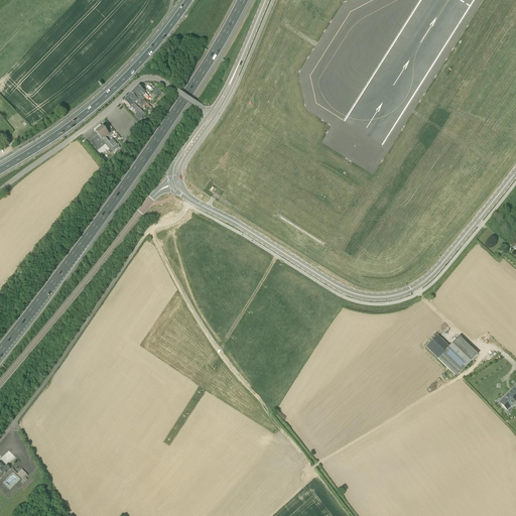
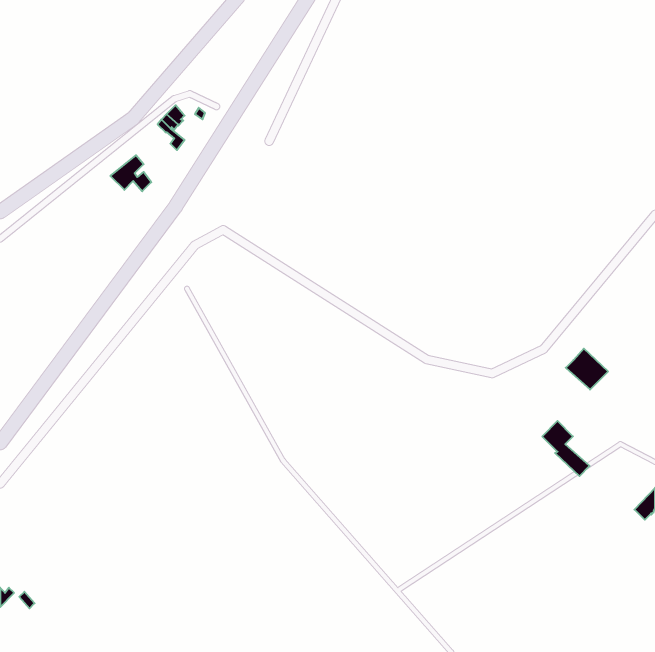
building: [444,334,478,366] -> [566,349,608,390]

